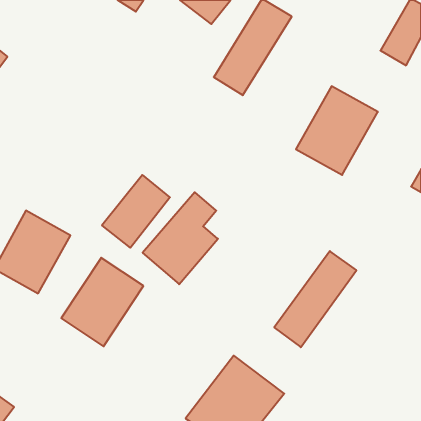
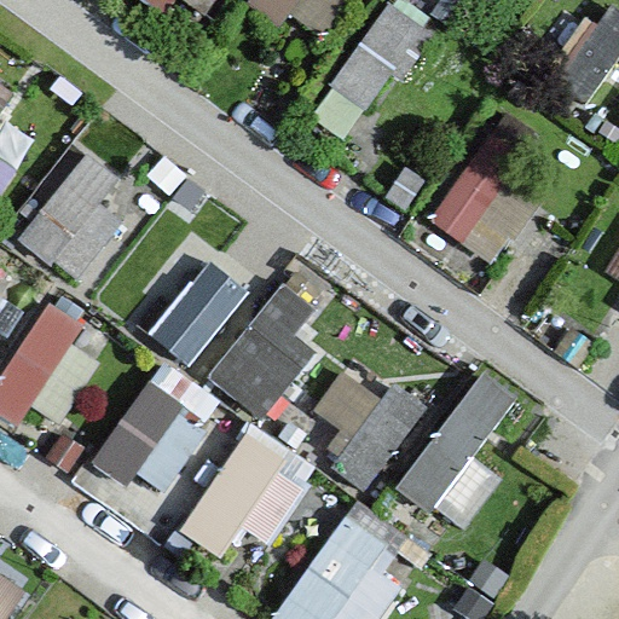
building: none -> [17,163,138,284]
building: none -> [313,361,422,487]
building: none -> [180,430,314,556]

